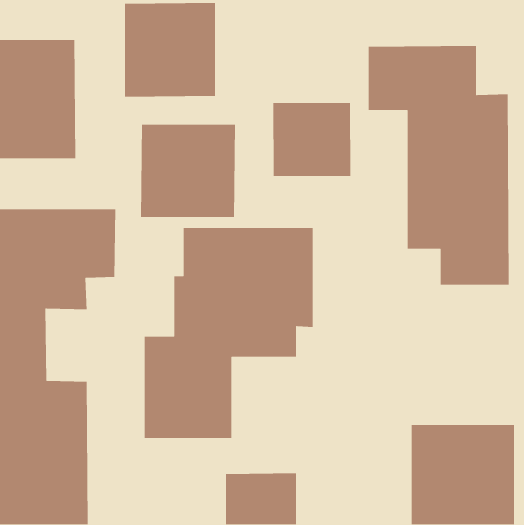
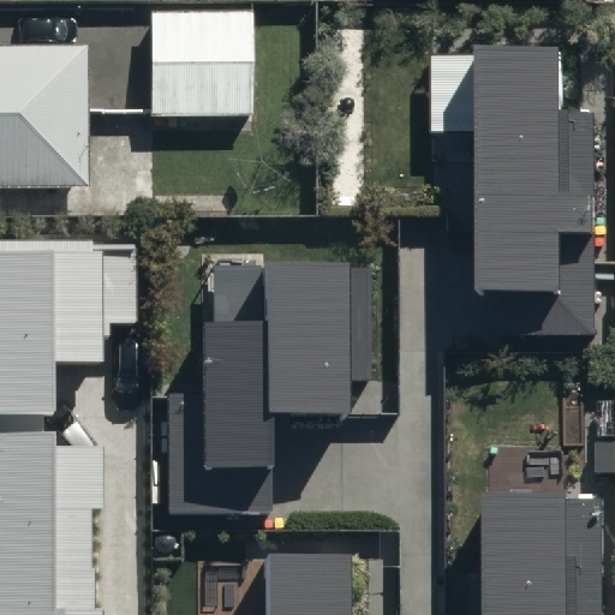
building: [272,102,351,177] -> none
building: [140,124,236,218] -> none

